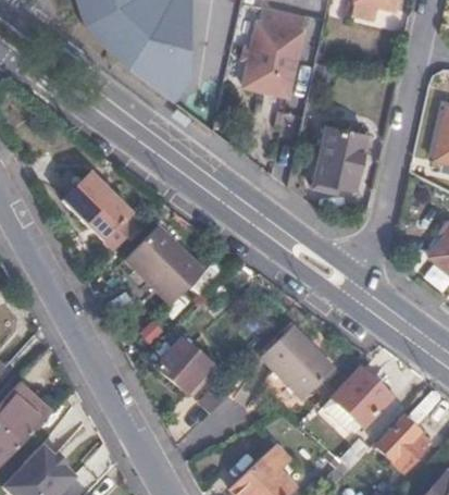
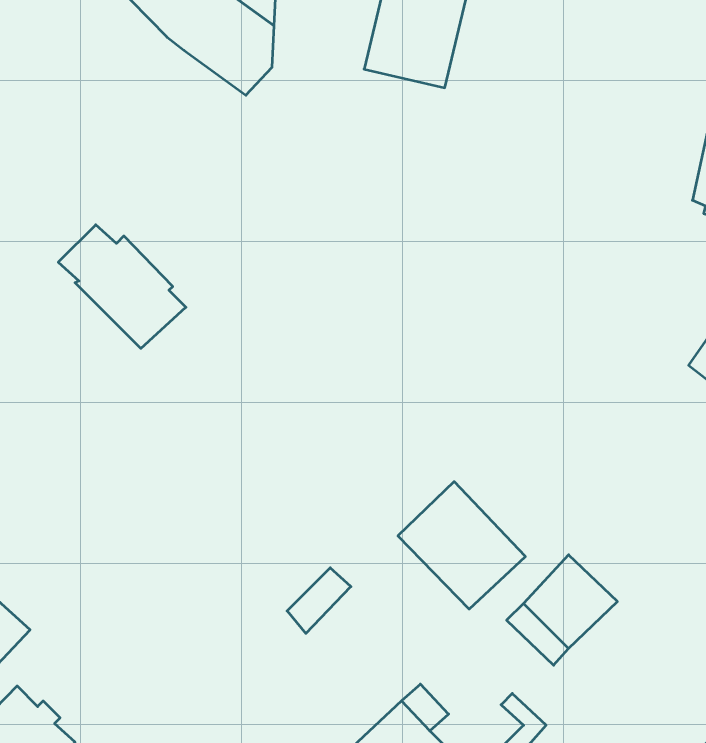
building: [316,126,367,189] -> none
building: [124,226,202,307] -> none
building: [158,341,211,393] -> none
building: [374,417,429,470] -> none

